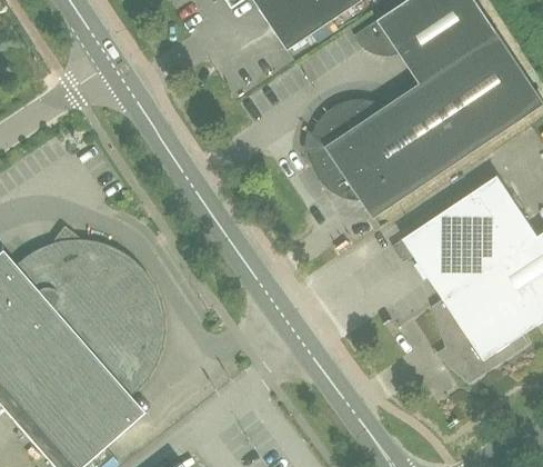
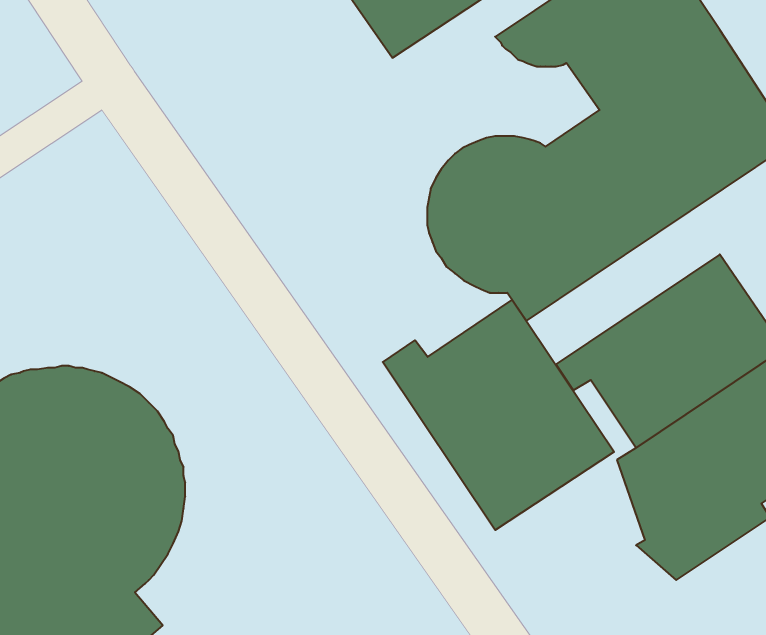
building: none -> [383,300,614,530]

